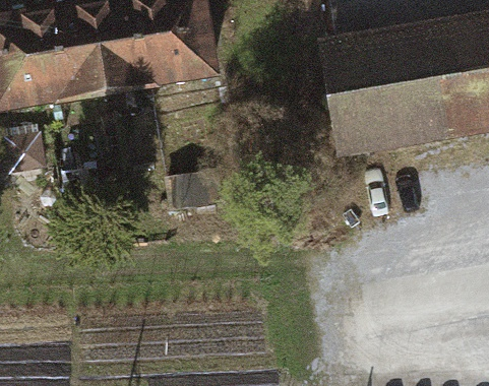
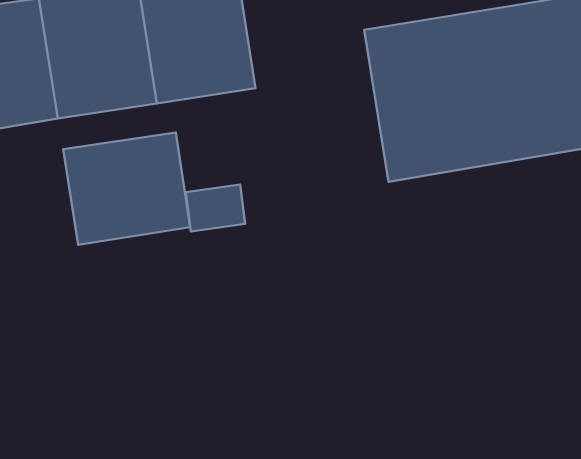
building: none -> [63,132,190,245]

